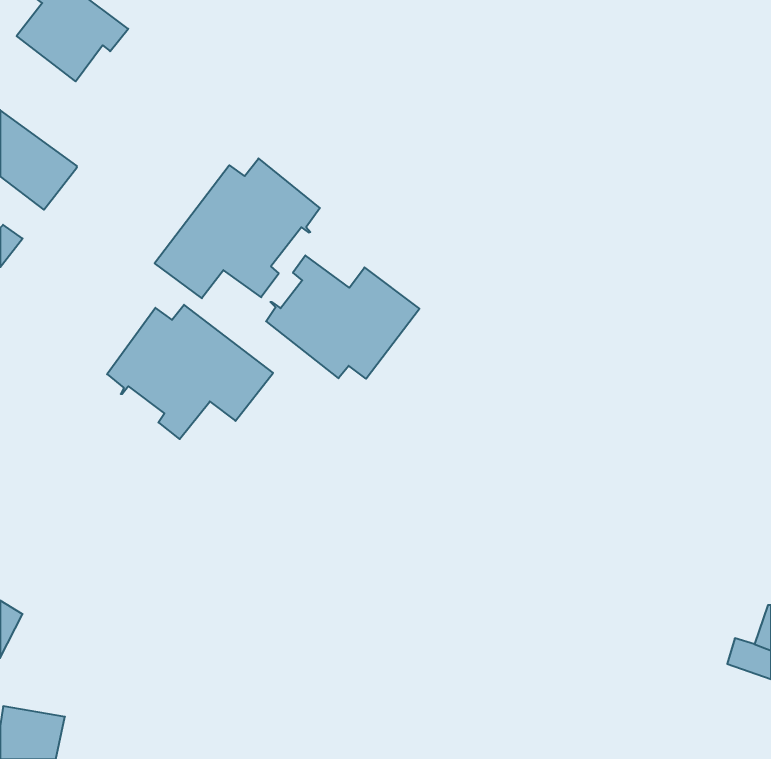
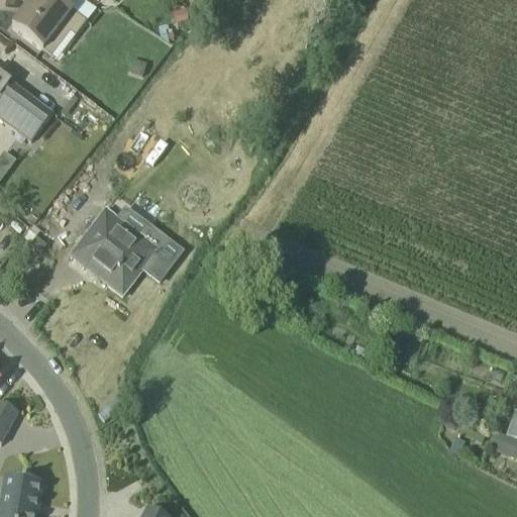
building: [155,158,320,298] -> none
building: [266,255,419,379] -> none

